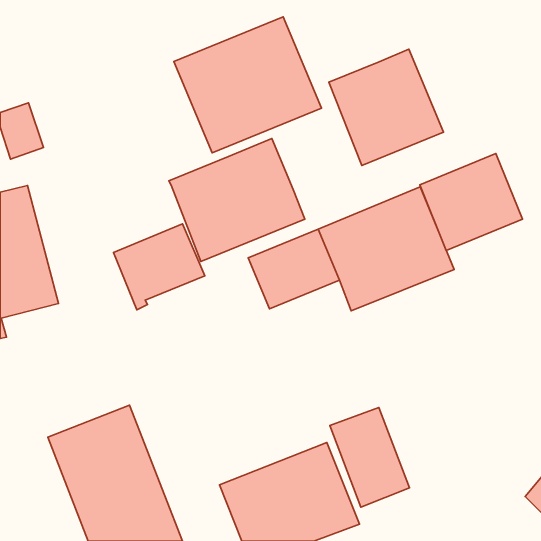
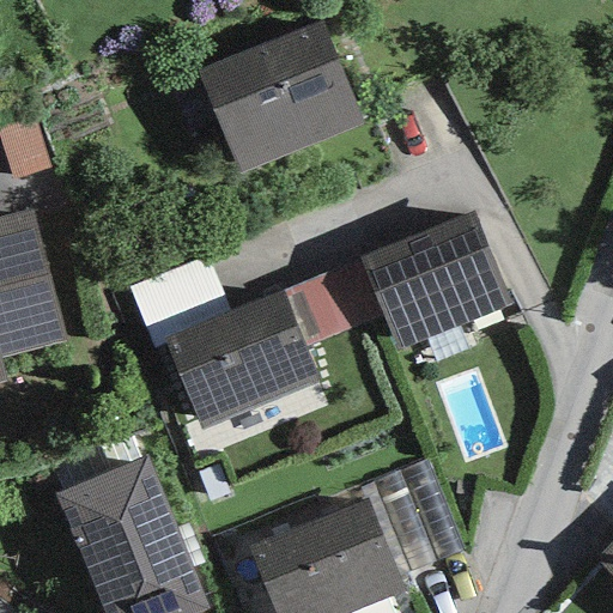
building: [329,49,443,165] -> none
building: [169,138,305,262] -> [165,291,318,430]
building: [420,154,522,250] -> none

